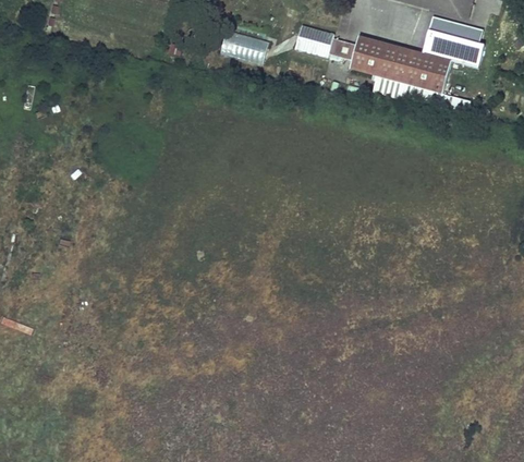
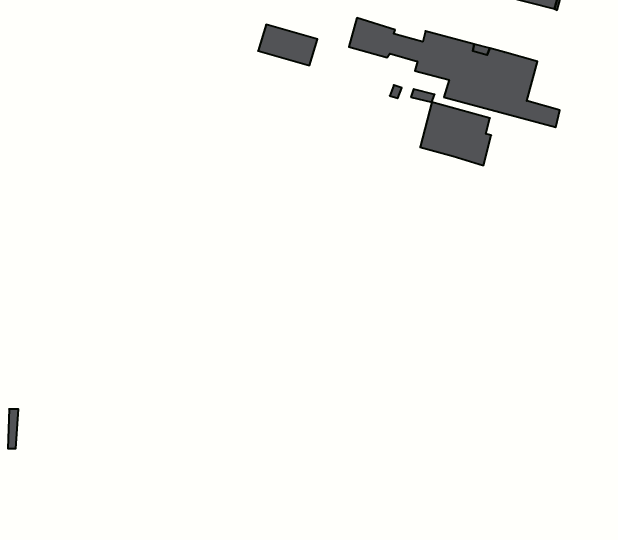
building: [424,15,483,68] -> [420,102,491,165]

